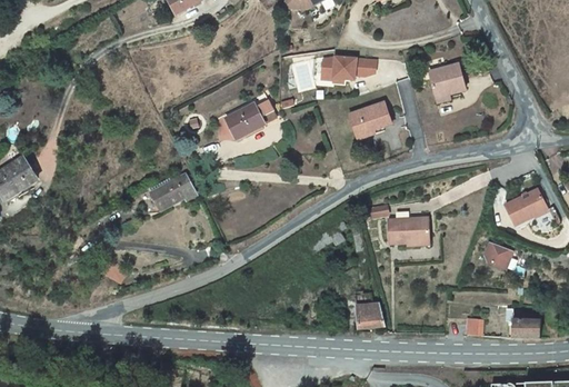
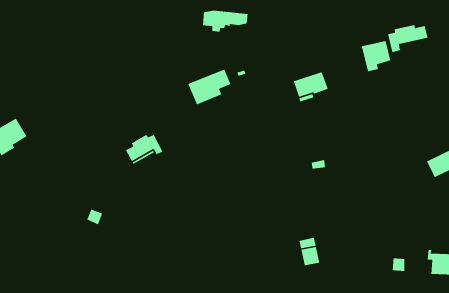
building: none -> [387,24,428,53]
building: [321,56,376,82] -> [202,10,248,32]
building: [388,216,429,245] -> none
building: [485,244,511,269] -> none

